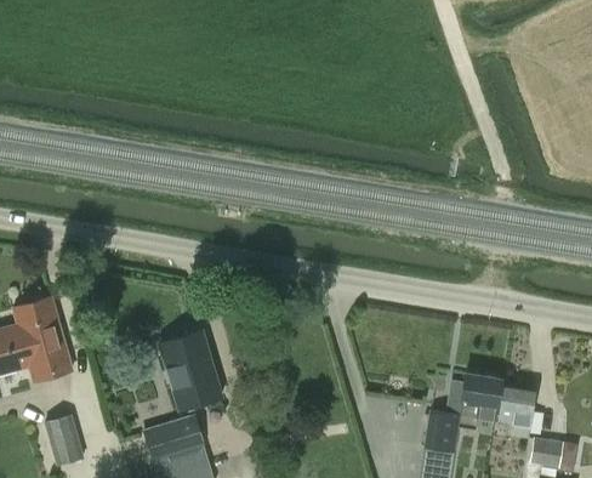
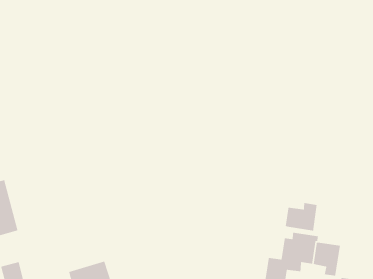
building: none -> [285,202,318,231]
building: [159,331,222,411] -> none

